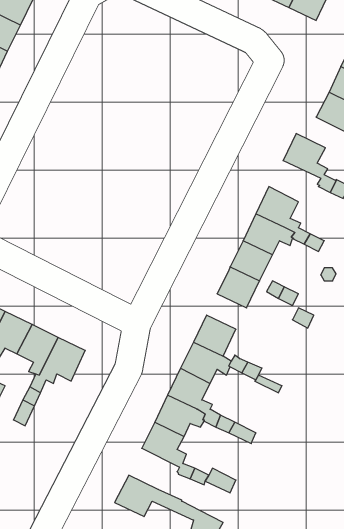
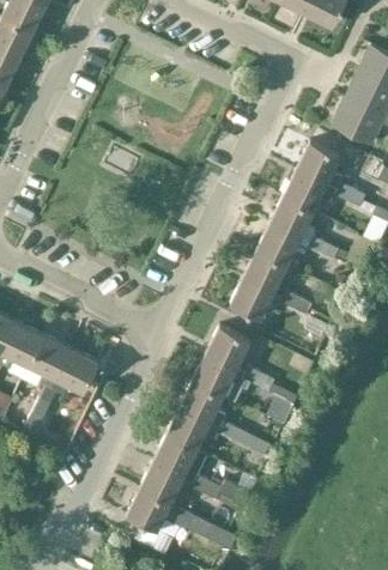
building: none -> [284,169,337,211]
building: none -> [141,461,193,503]

